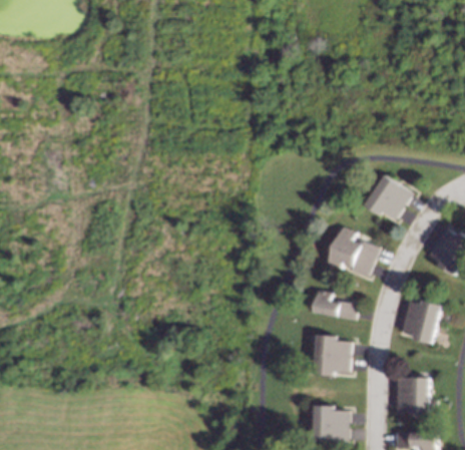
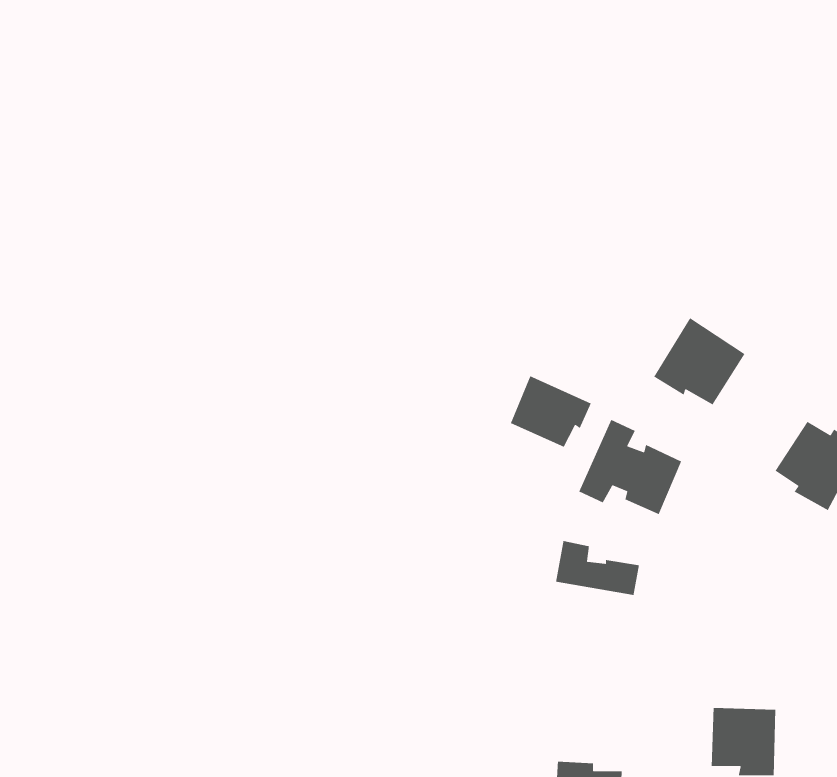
building: none -> [510,375,592,448]
building: [401,300,441,343] -> none
building: [315,335,351,375] -> none

